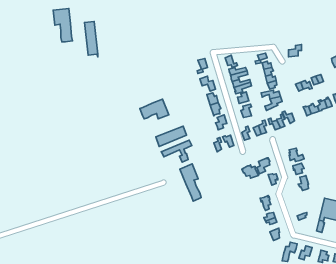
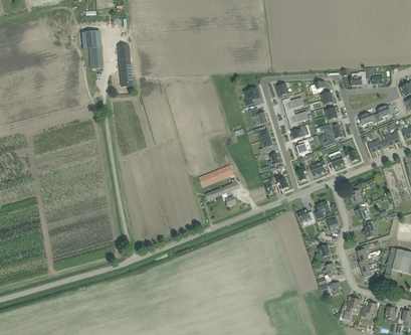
building: [140,99,169,119] -> none
building: [180,164,201,201] -> none

